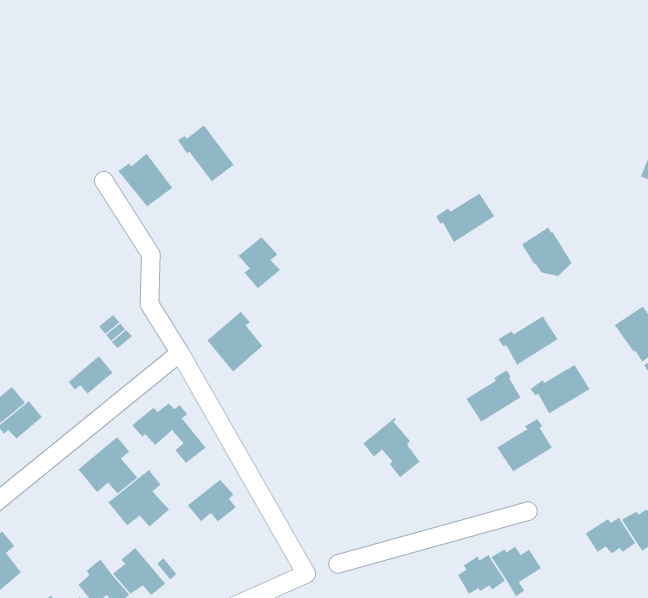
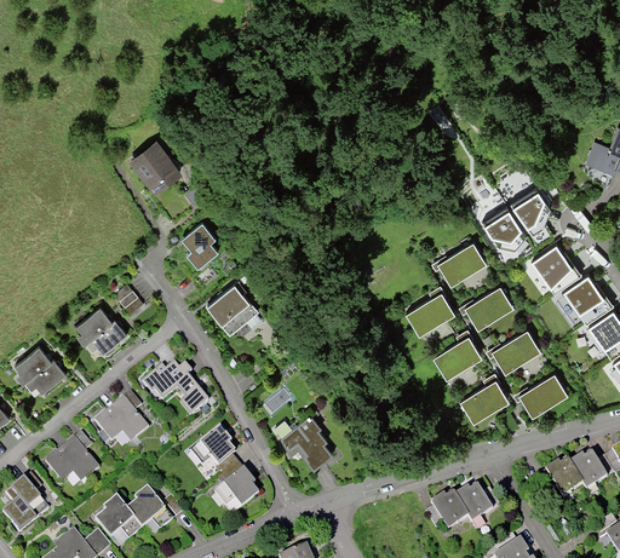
building: [177,124,235,182] -> none
building: [436,193,495,243] -> [435,242,487,286]
building: none -> [510,189,551,237]
building: [238,236,281,289] -> [180,223,218,269]
building: none -> [532,247,581,295]
building: none -> [406,288,454,335]
building: none -> [75,307,111,346]
building: none -> [516,373,568,416]
building: [362,417,421,478] -> [281,416,332,470]
building: [108,469,170,528] -> [44,432,98,483]
building: none -> [214,468,258,507]

